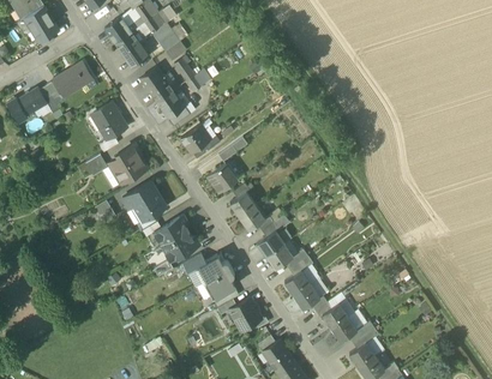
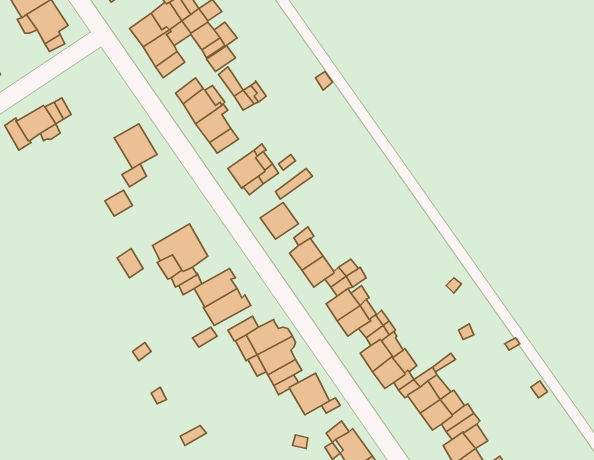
building: [53,64,94,98] -> none
building: [109,145,146,182] -> none

